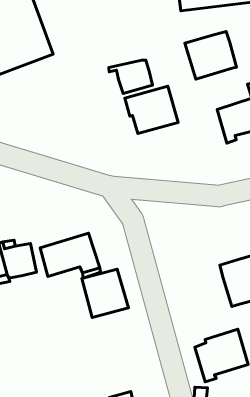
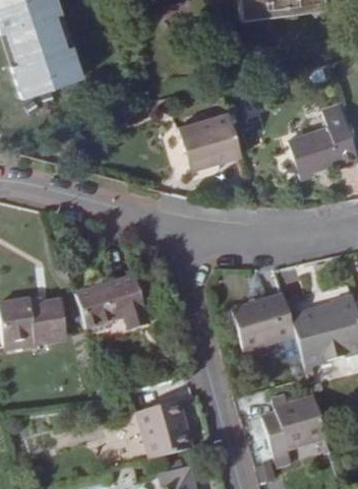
building: [185,32,236,79] -> none
building: [109,60,153,93] -> none
building: none -> [231,296,294,353]
building: [82,269,128,317] -> [136,400,191,456]

